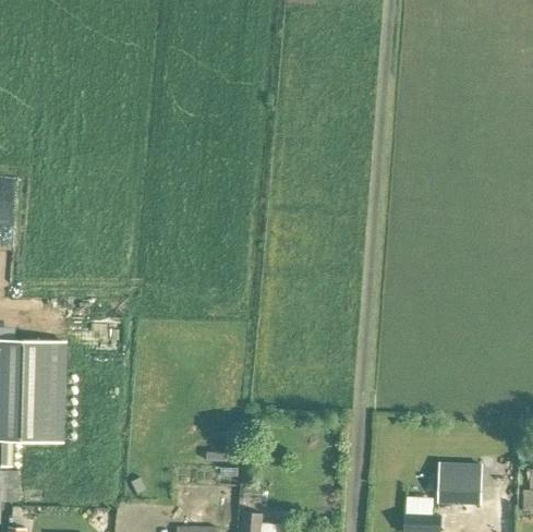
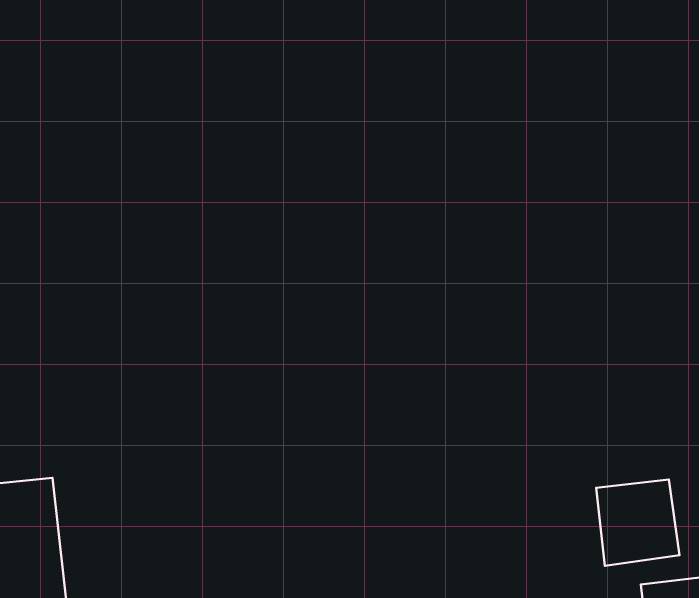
building: none -> [596,480,679,566]

